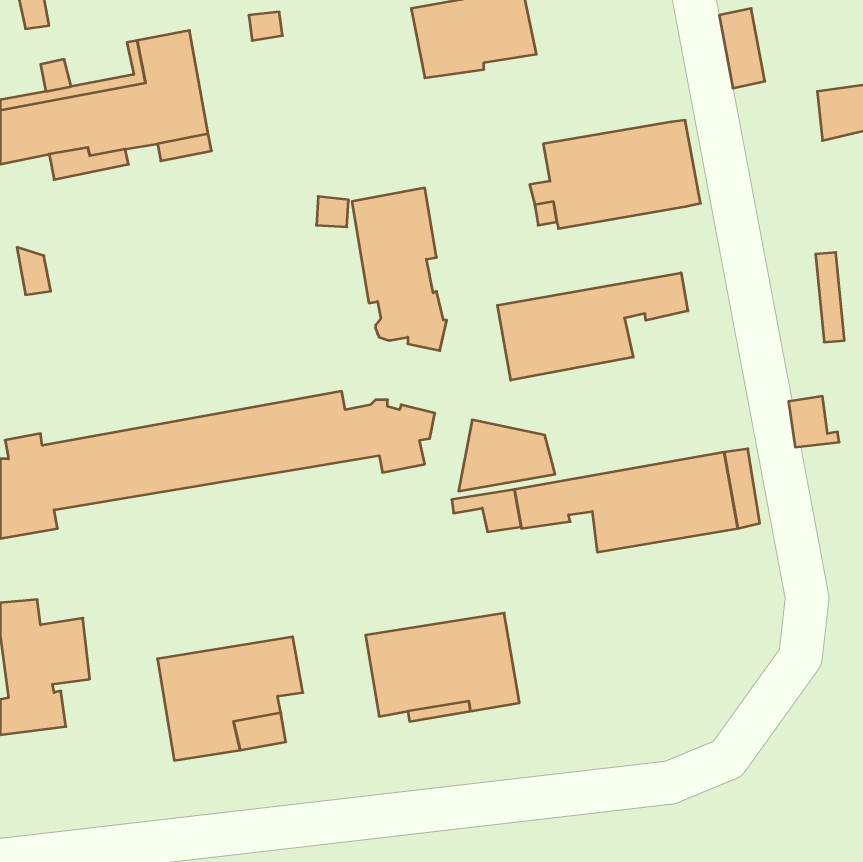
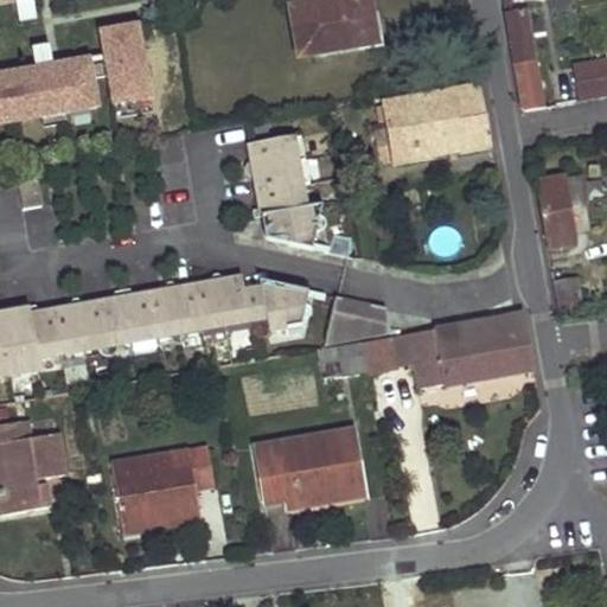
building: none -> [515,57,547,110]
building: none -> [536,179,570,247]
building: [497,273,688,380] -> none

